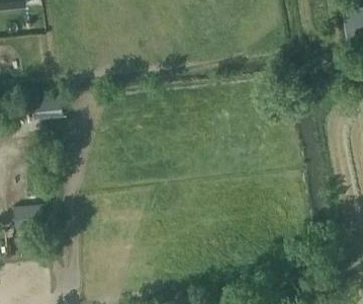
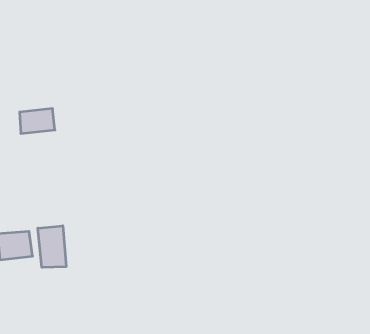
building: none -> [38,226,66,267]

